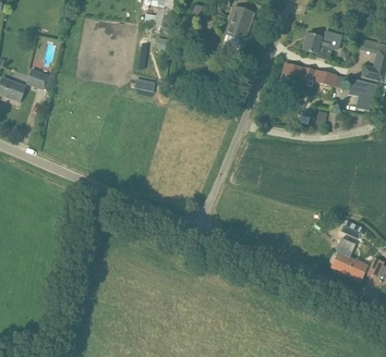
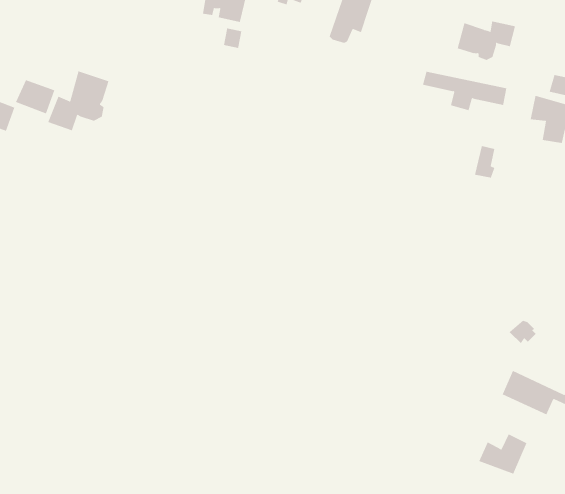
building: none -> [47,70,109,131]
building: none -> [479,434,527,475]

